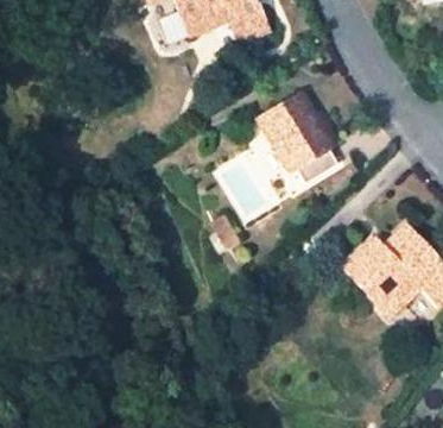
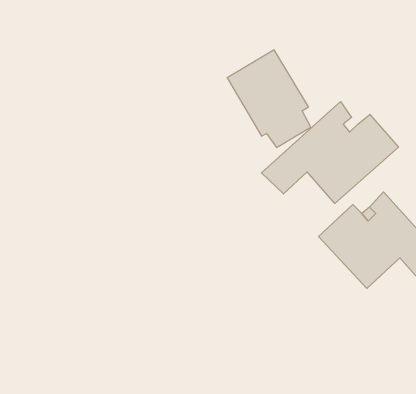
building: none -> [261,102,398,203]

